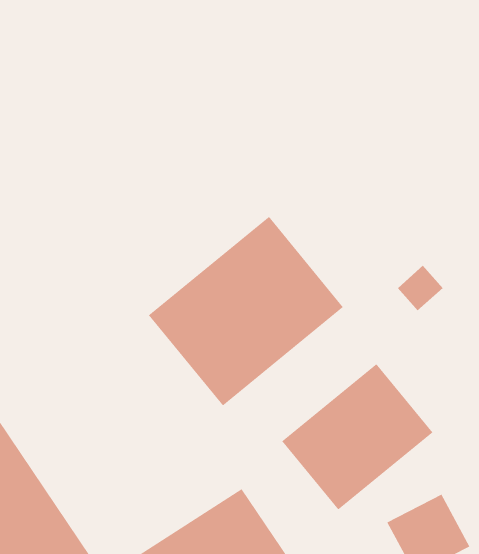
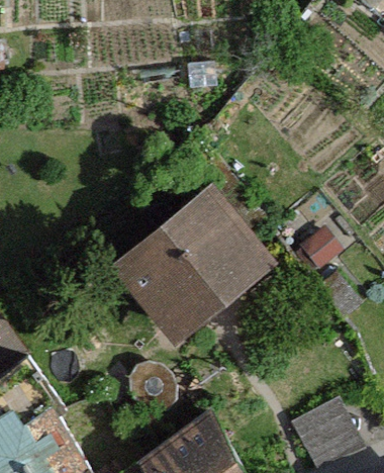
building: [281,363,433,511] -> none

